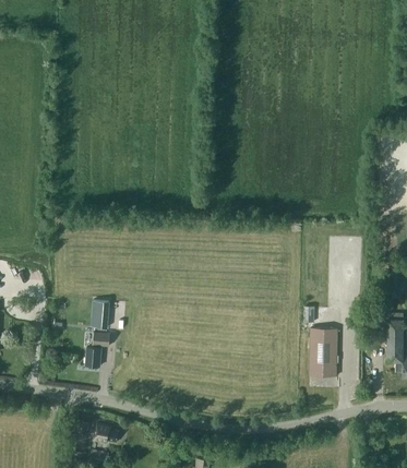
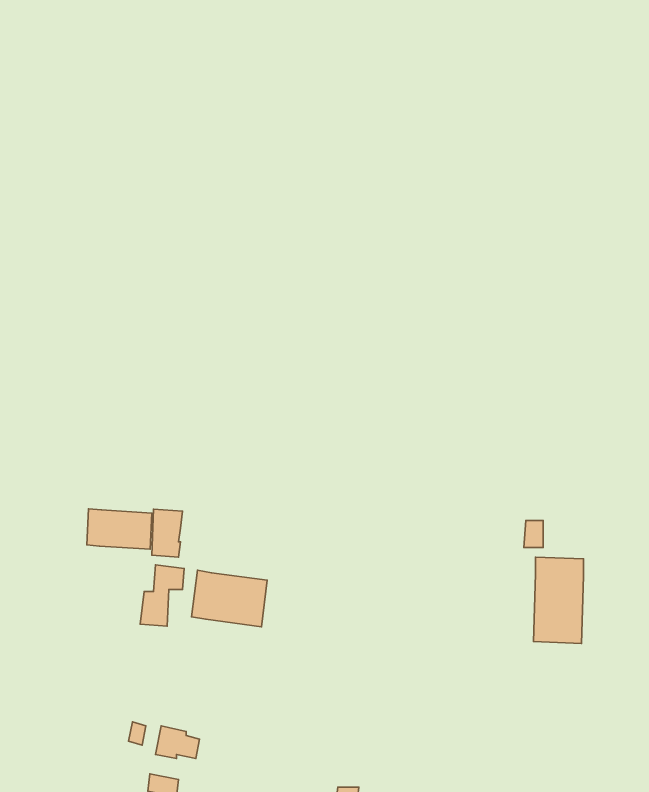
building: none -> [87,509,152,549]
building: none -> [192,570,267,627]

